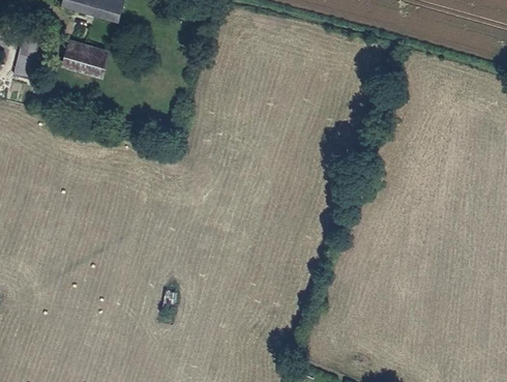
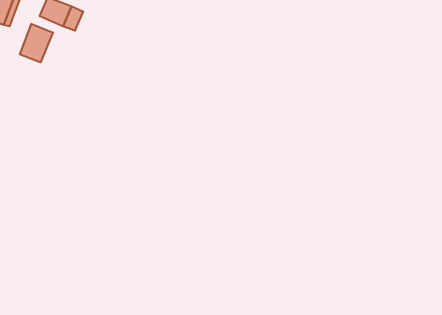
building: none -> [20,24,53,62]

